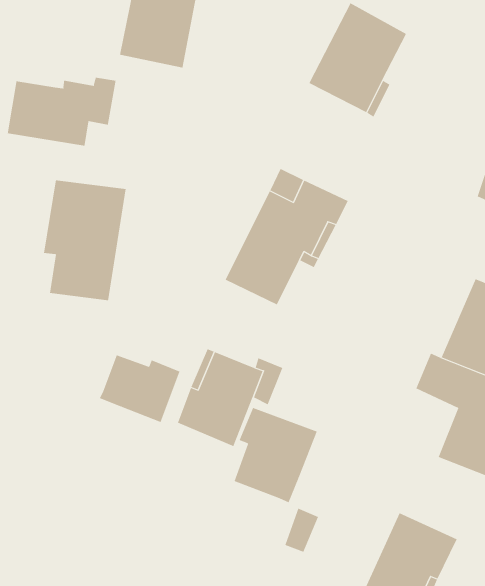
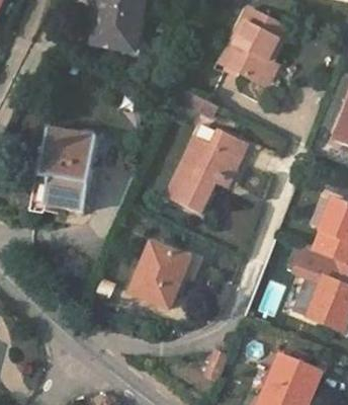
building: [7,77,116,146] -> none
building: [99,354,180,423] -> none
building: [234,407,317,503] -> none

